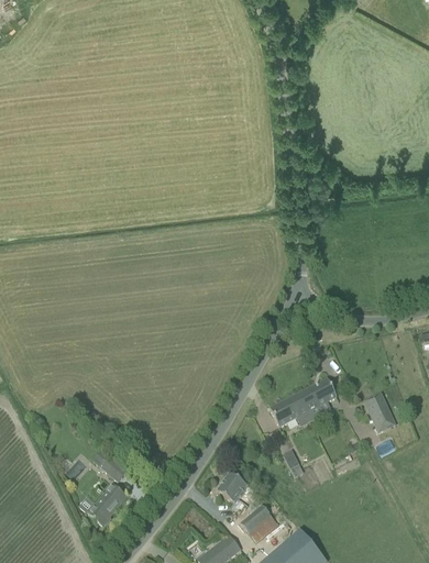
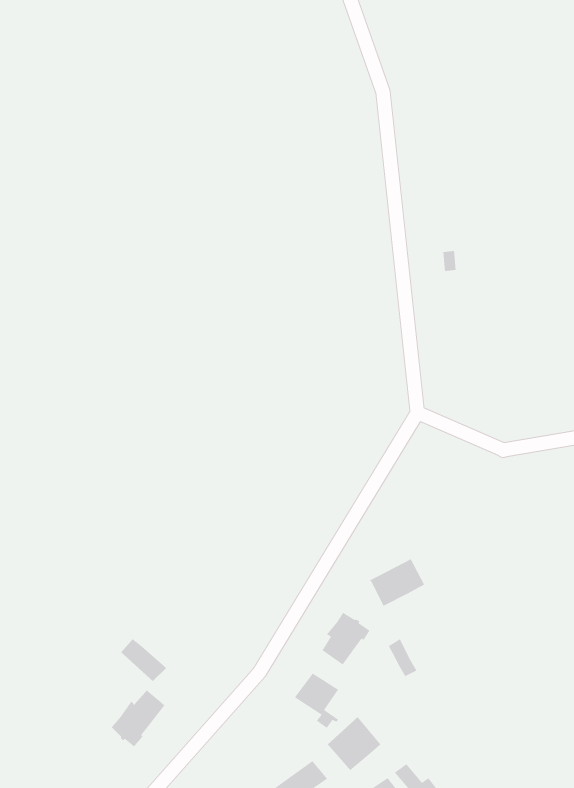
building: [299,378,338,411] -> none
building: [364,393,396,432] -> none
building: none -> [321,612,370,666]

